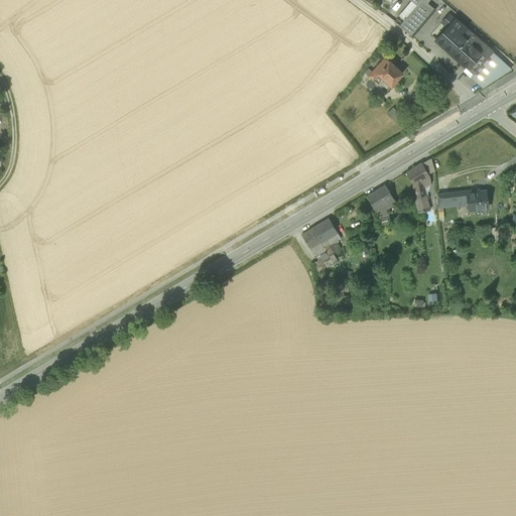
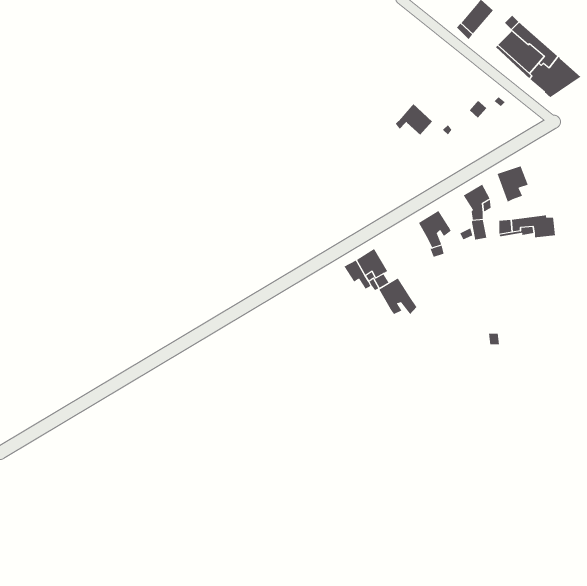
building: [369,56,402,85] -> [395,103,433,135]
building: none -> [497,165,528,202]
building: none -> [378,278,417,315]

